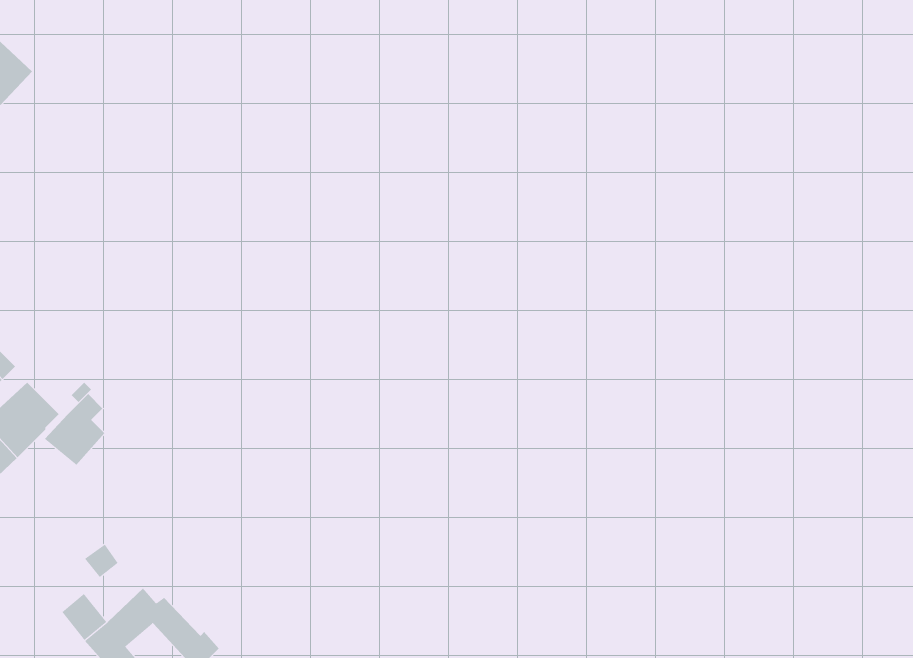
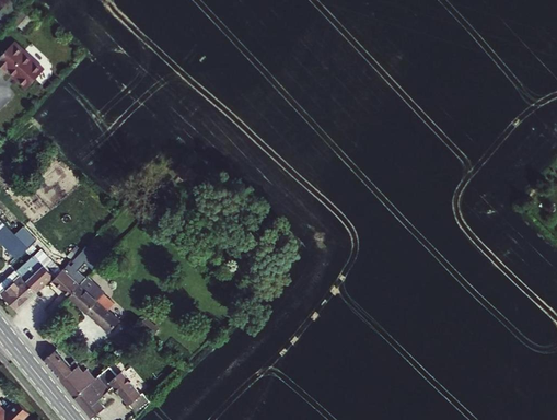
building: none -> [68,277,117,332]
building: none -> [42,349,77,381]

